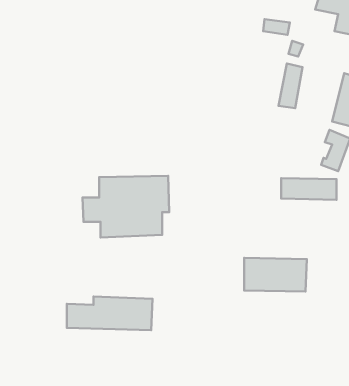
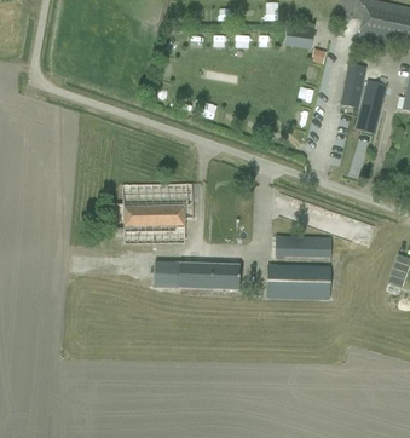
building: [278,63,303,108] -> [341,63,365,108]
building: [281,178,337,200] -> [275,235,330,257]
building: [67,296,153,330] -> [154,255,239,289]

